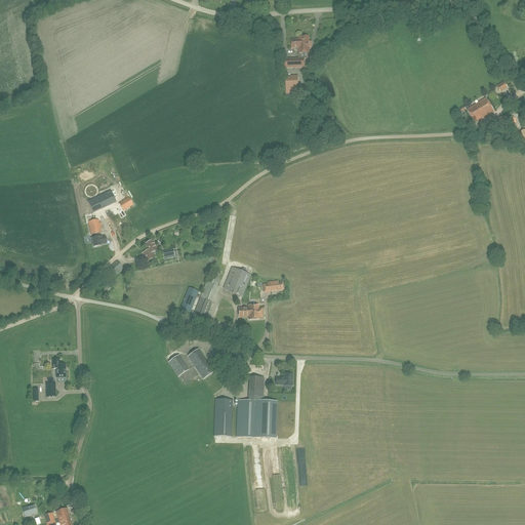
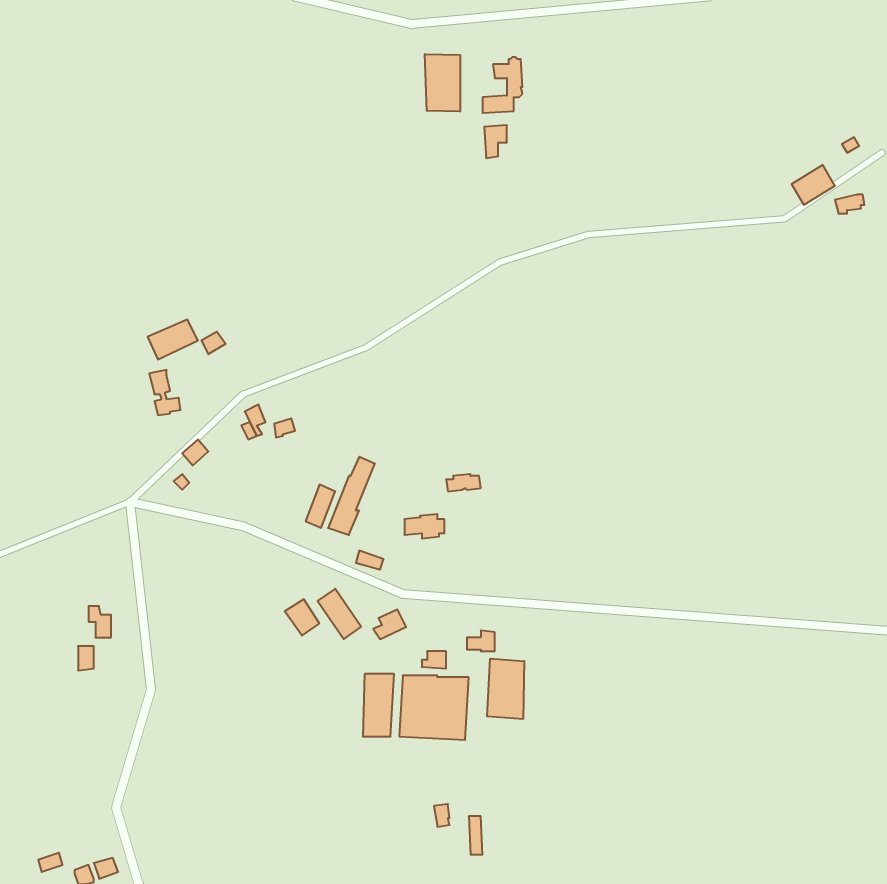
building: none -> [425,54,460,112]
building: [224,266,251,294] -> none
building: none -> [487,659,524,719]

